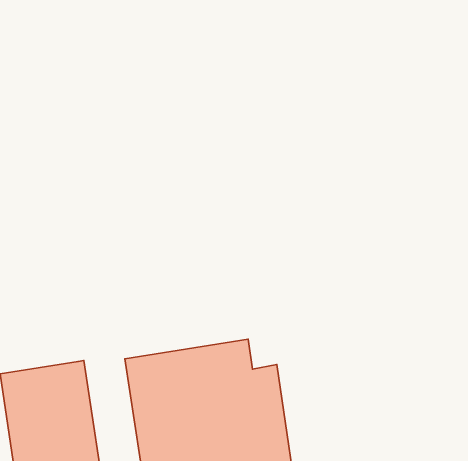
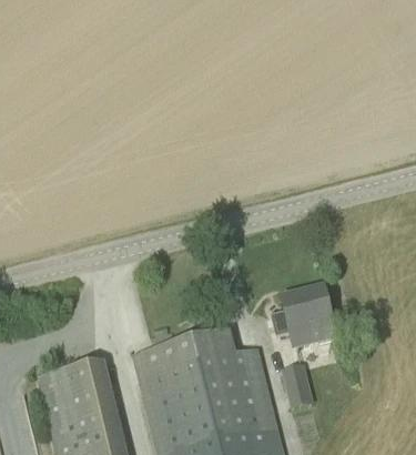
building: none -> [274,285,337,347]
building: none -> [281,364,313,407]

